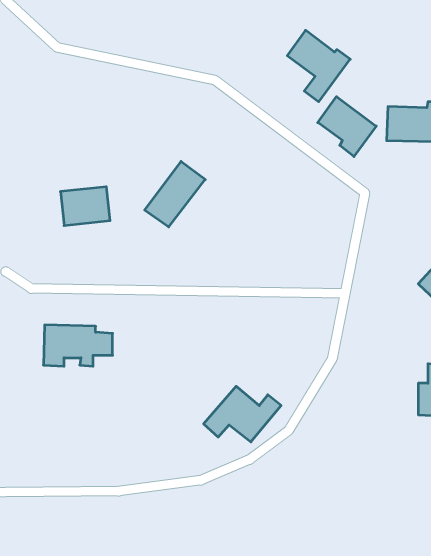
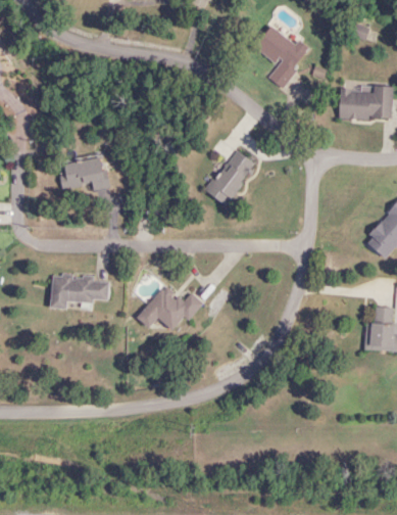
building: [318,97,376,157] -> none
building: [145,161,205,227] -> [205,149,256,204]
building: [204,386,281,442] -> [137,285,202,332]

